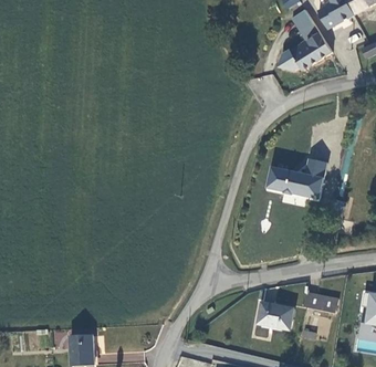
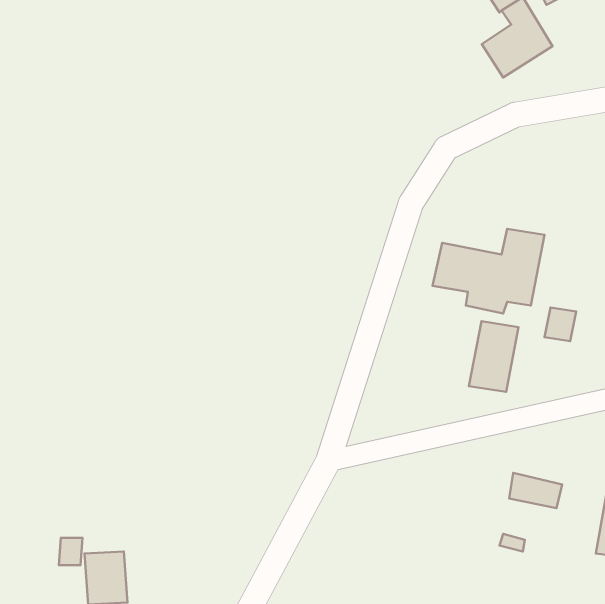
building: none -> [469,321,519,392]
building: [257,302,293,327] -> none

